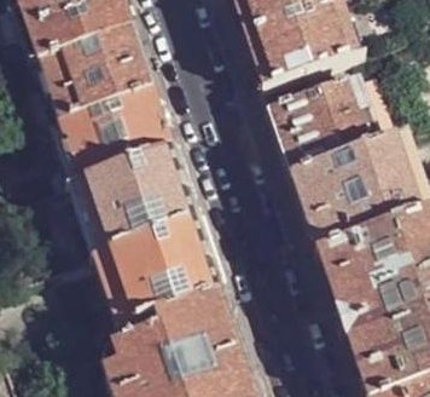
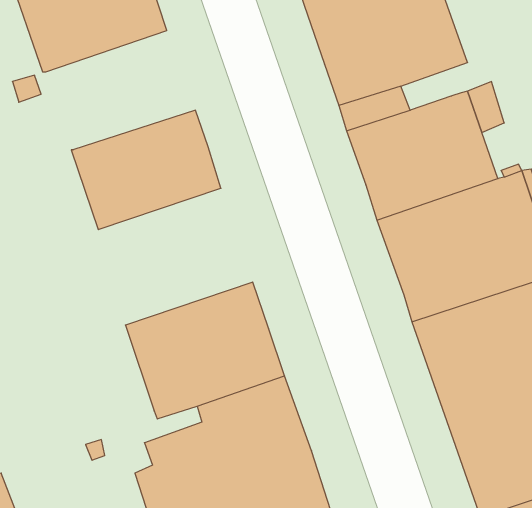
building: [37,25,151,116] -> none
building: [74,145,194,249] -> none

